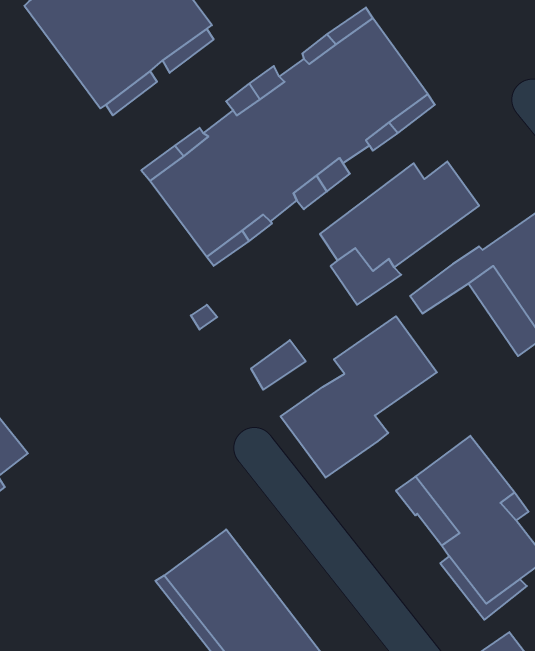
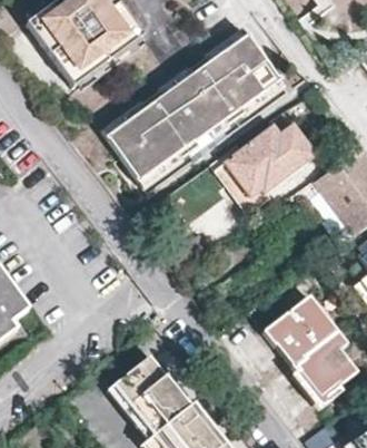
building: [281,316,437,478] -> none

